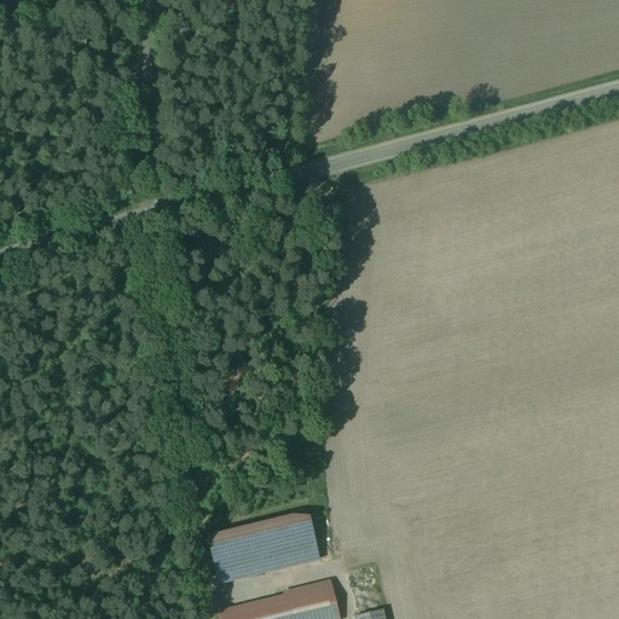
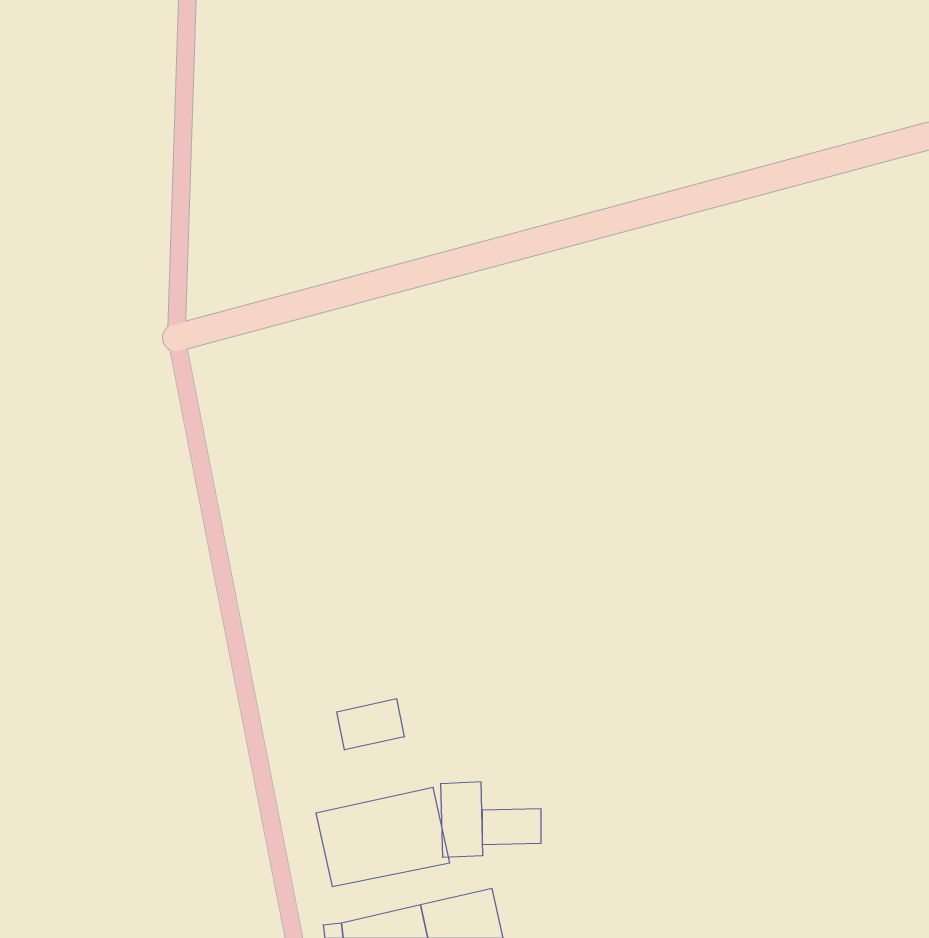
building: none -> [337,699,404,750]
building: none -> [482,809,541,845]

